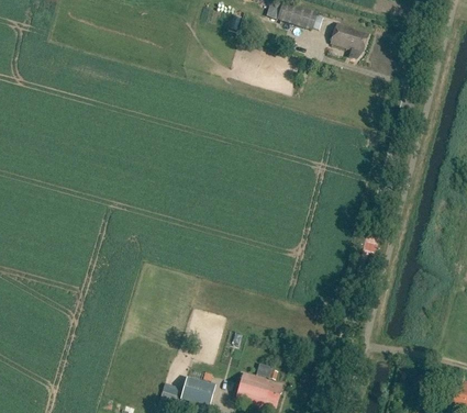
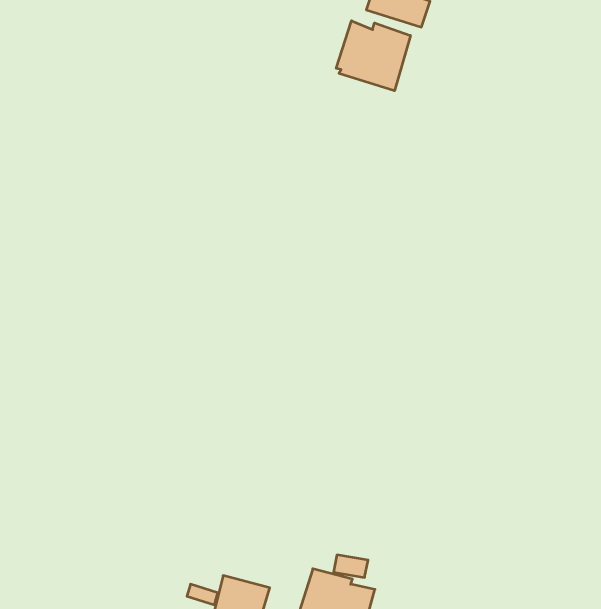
building: [331,21,369,57] -> none
building: none -> [336,21,410,91]

